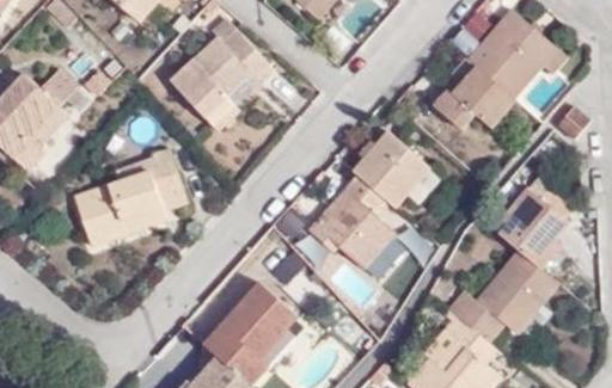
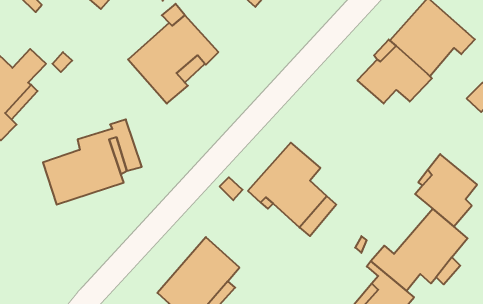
building: [351,131,429,208] -> none

